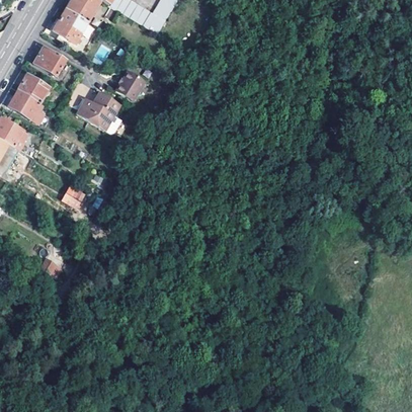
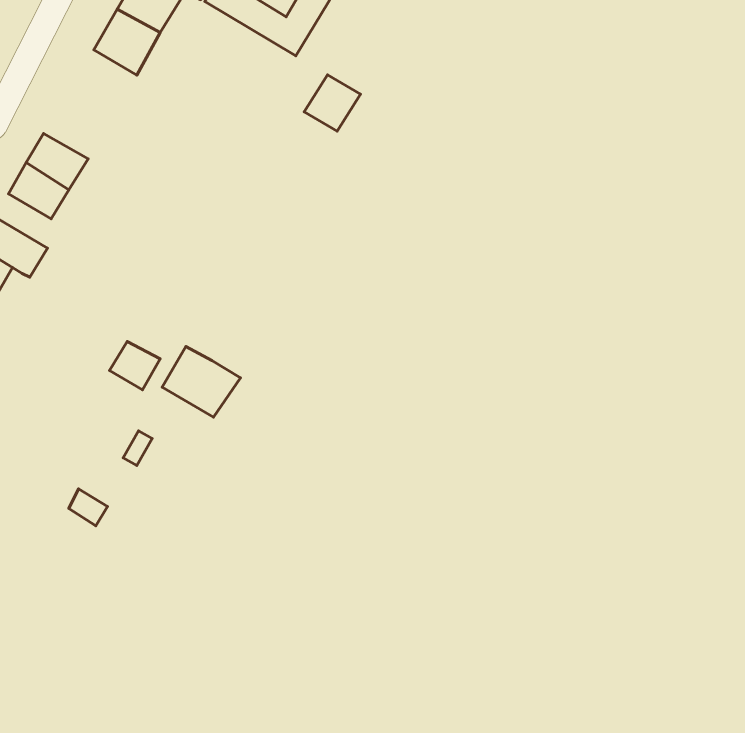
building: [34,47,66,76] -> none
building: [116,72,146,101] -> [304,75,361,131]
building: [78,93,122,134] -> none
building: none -> [162,347,240,417]

